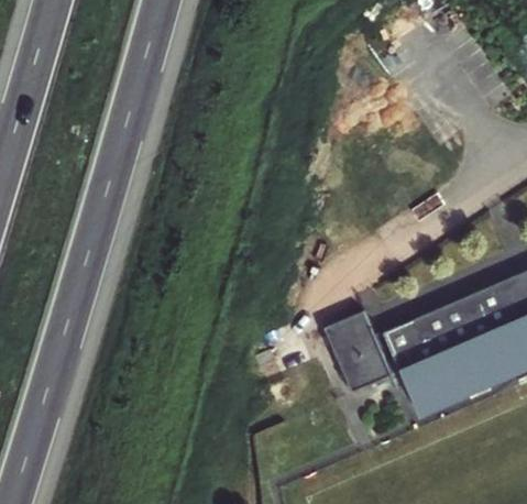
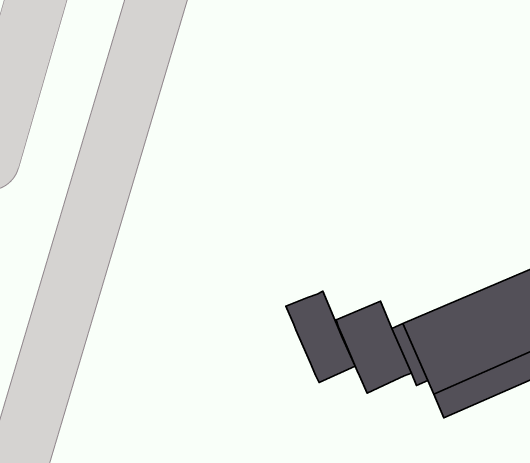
building: none -> [286,291,355,382]

